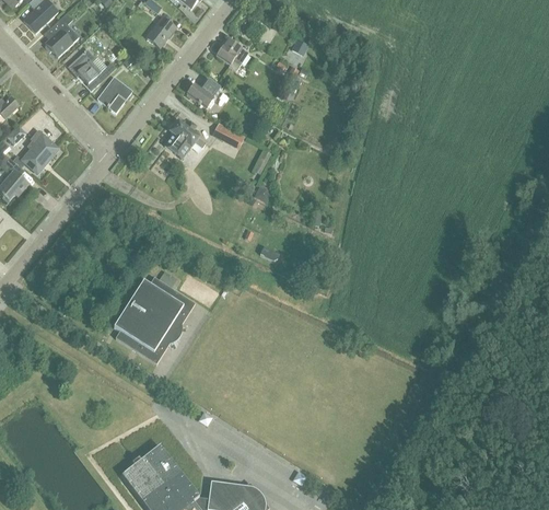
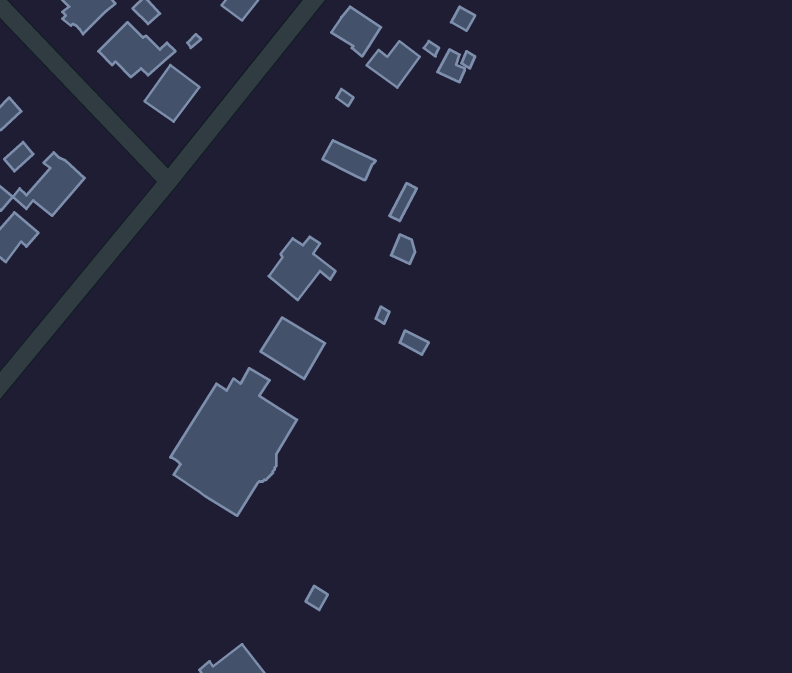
building: [186,78,220,107] -> [367,41,420,88]
building: [162,119,205,160] -> [269,237,335,300]
building: none -> [261,318,325,379]

